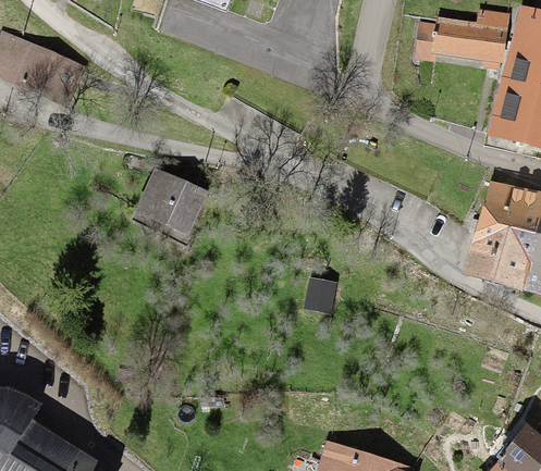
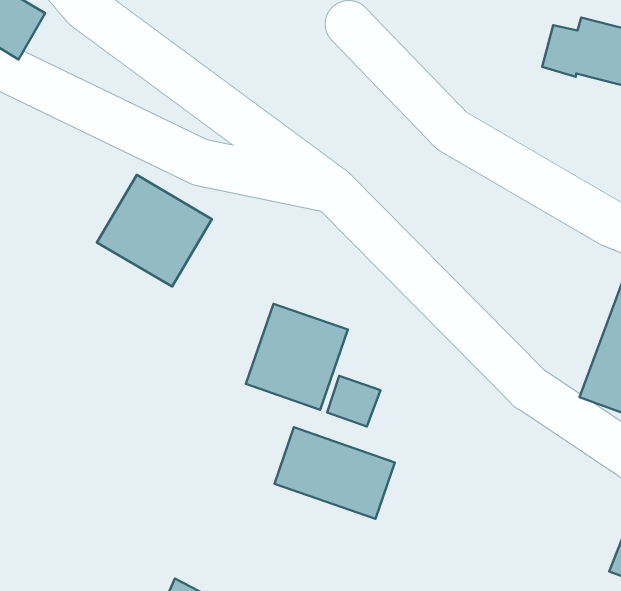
building: none -> [246,304,348,410]
building: none -> [274,427,395,519]

